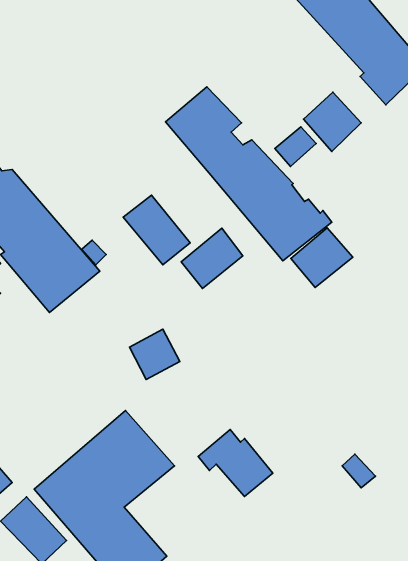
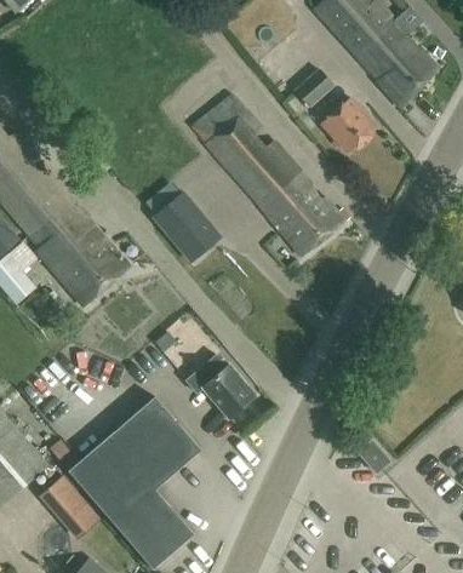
building: [275,127,316,167] -> [295,70,333,108]
building: [291,228,353,287] -> none
building: [181,228,243,288] -> none
building: [198,429,273,496] -> [185,355,256,418]

